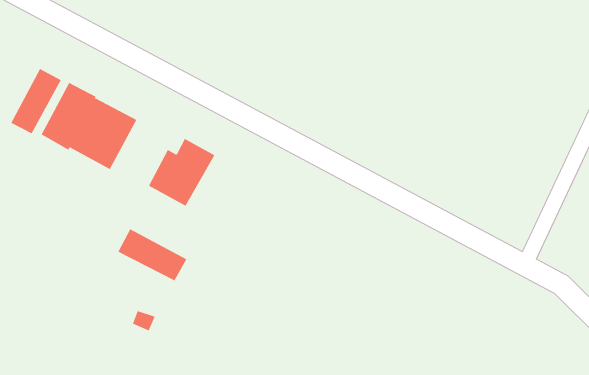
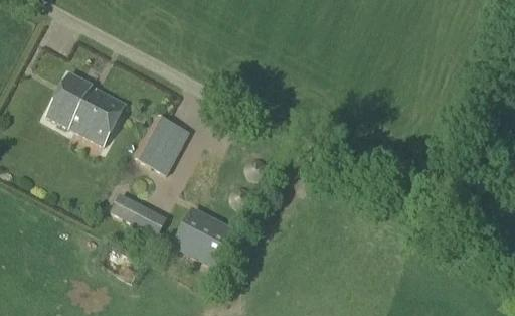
building: [11,68,62,134] -> none
building: none -> [170,206,235,270]

